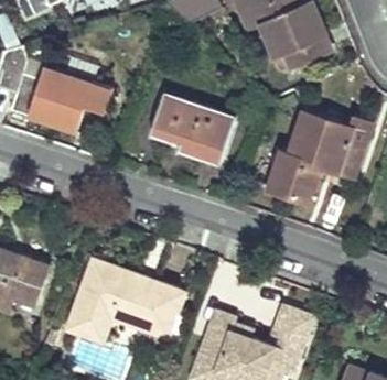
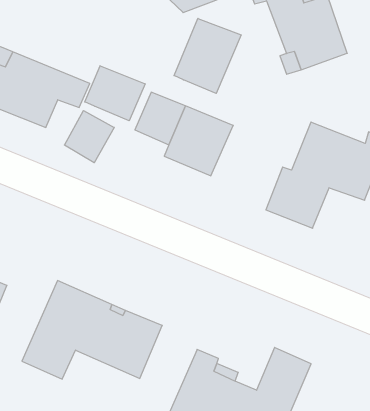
building: none -> [174,18,241,93]
building: none -> [85,66,145,121]
building: none -> [64,111,114,163]

